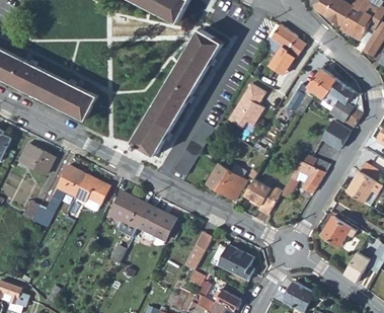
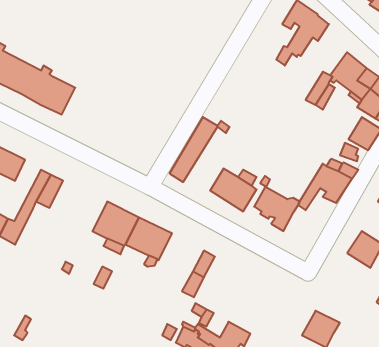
building: [133,30,222,153] -> none
building: [227,83,264,127] -> none
building: [74,173,108,210] -> none
building: [218,244,252,279] -> none

